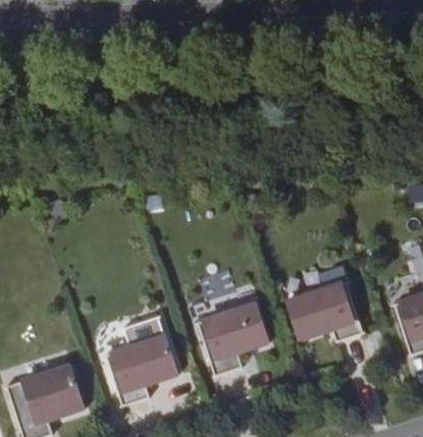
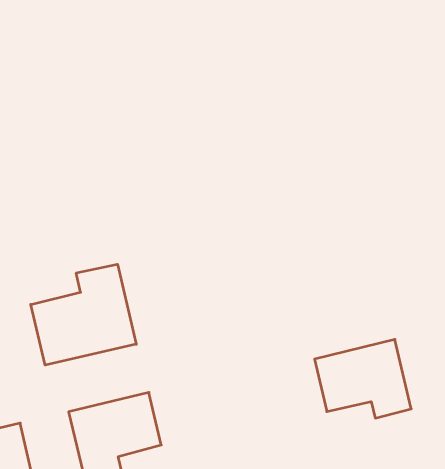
building: none -> [31,264,136,365]
building: [198,301,268,373] -> none

